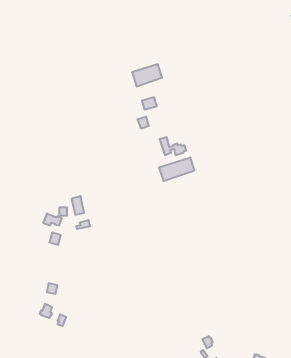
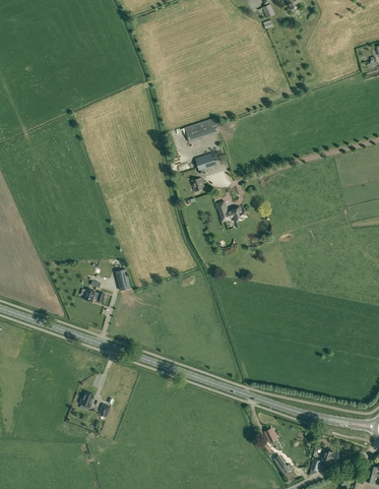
building: [159,157,194,181] -> none

